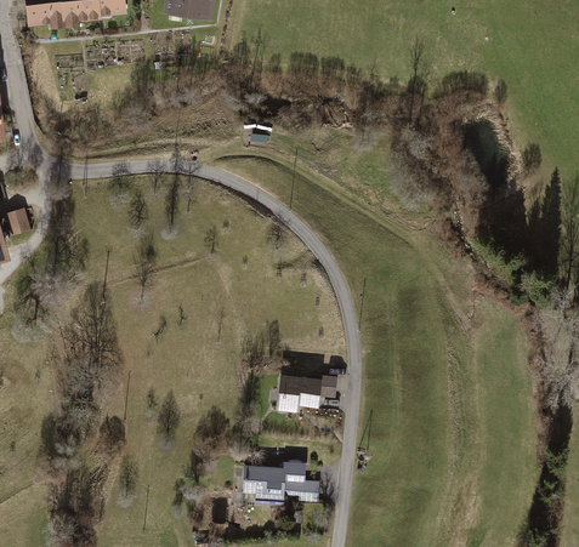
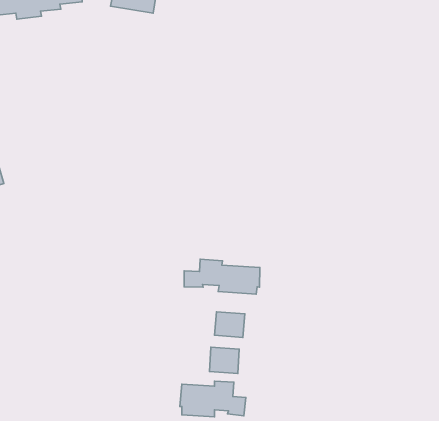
building: none -> [184,259,260,294]
building: none -> [209,347,239,373]

